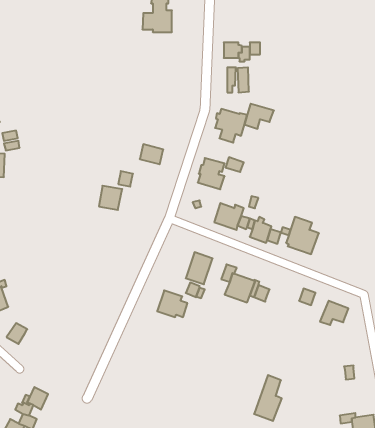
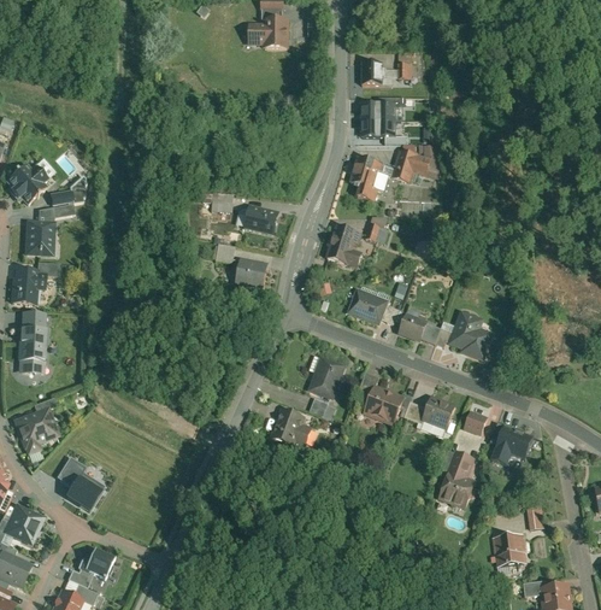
building: [99,186,122,210] -> [234,257,266,291]
building: none -> [419,397,454,430]
building: none -> [70,470,106,506]
building: [254,375,282,421] -> [437,447,476,511]
building: none -> [491,534,525,568]

